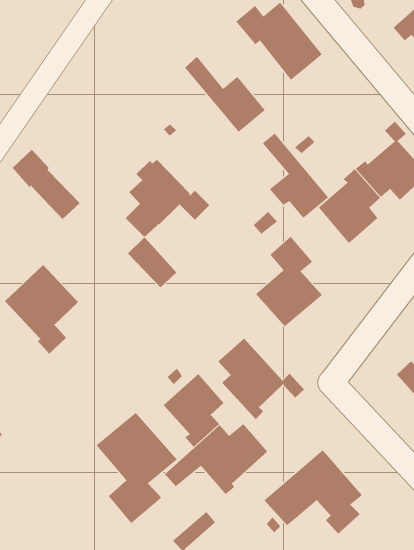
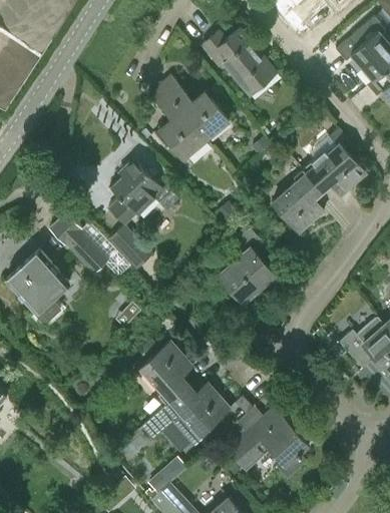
building: [262,132,329,219] -> [147,84,205,157]
building: [12,149,80,220] -> [50,214,108,275]
building: [218,338,305,420] -> none
building: [95,412,178,524] -> none

